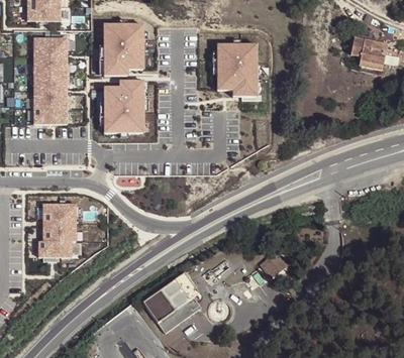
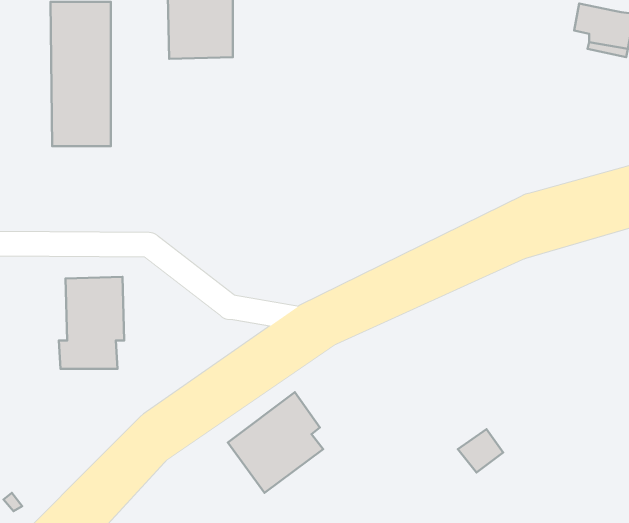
building: [217,42,258,94] -> none
building: [103,81,144,134] -> none
building: [259,251,286,277] -> [458,429,503,473]

